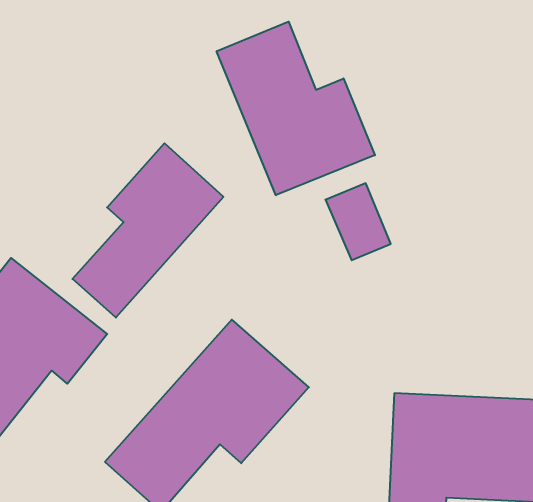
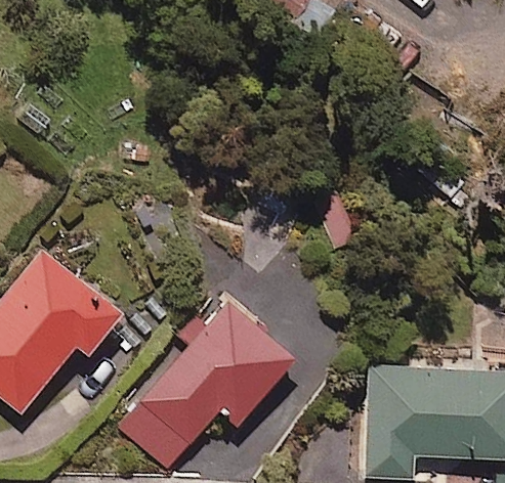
building: [217,22,375,195] -> none
building: [72,143,223,318] -> none

